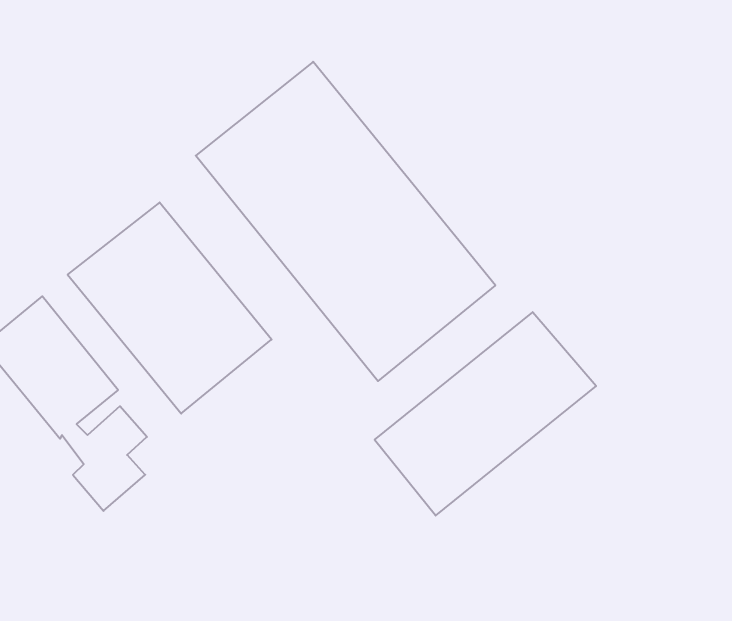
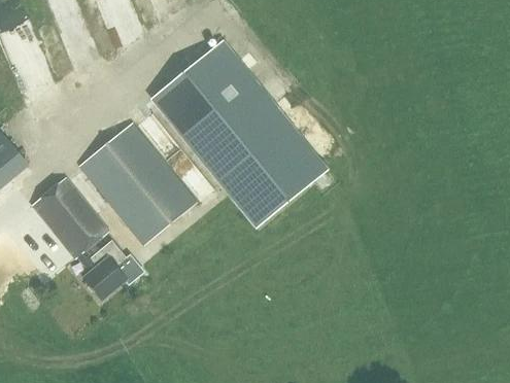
building: [375,312,596,516] -> none

